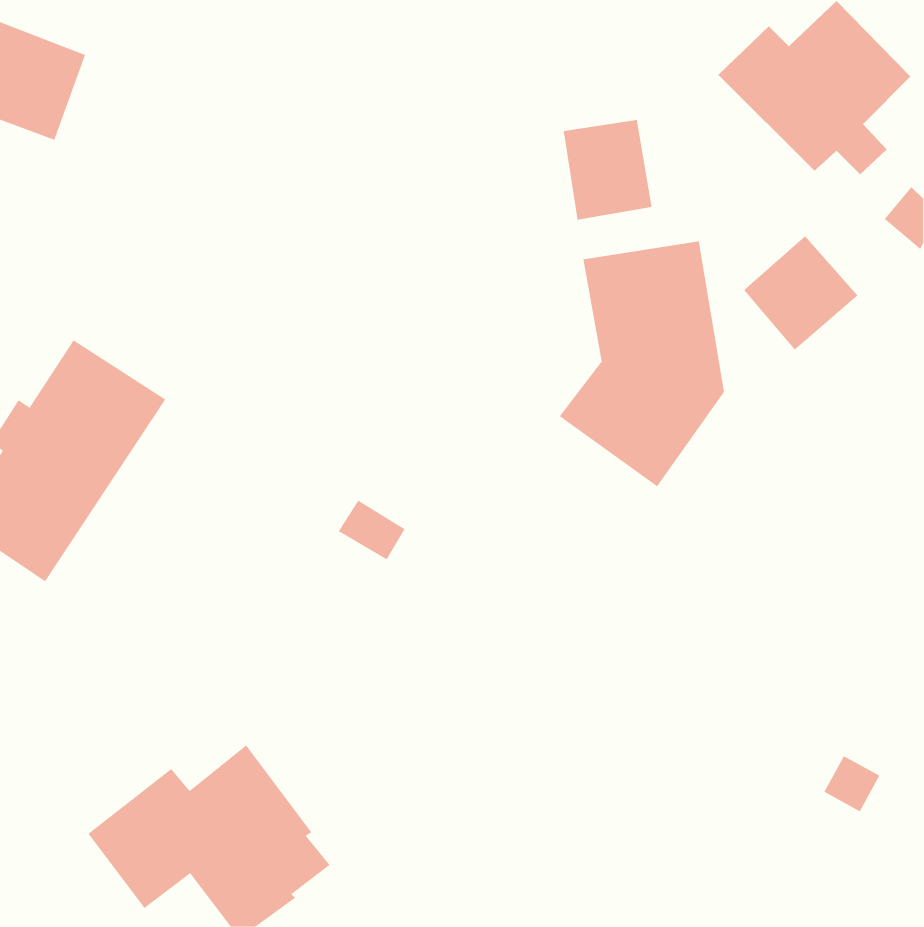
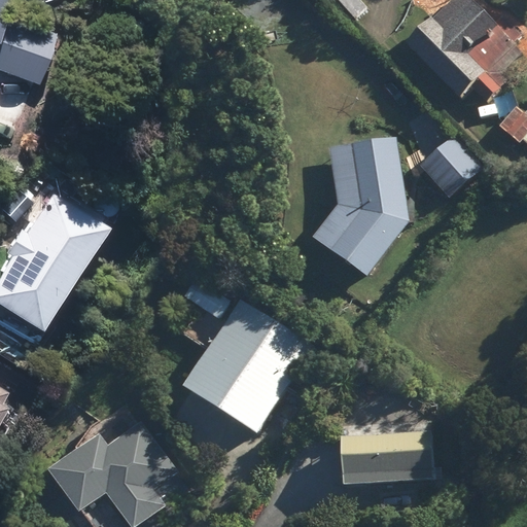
building: [563,119,652,220] -> none
building: none -> [183,297,314,432]
building: none -> [342,428,434,472]

